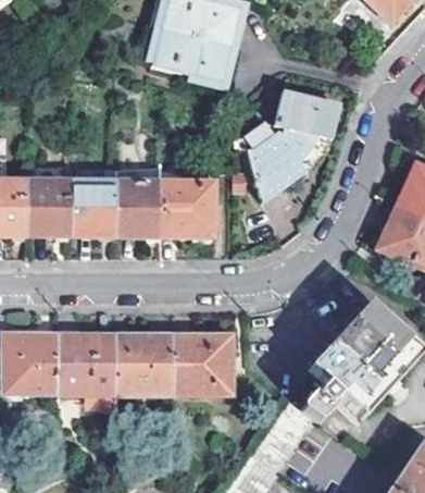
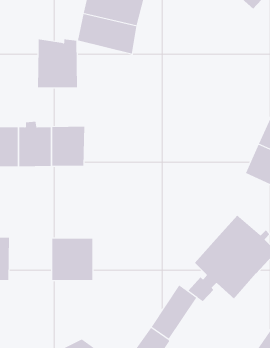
building: [249,91,337,206] -> none
building: [159,171,214,237] -> [37,39,78,88]
building: [57,334,114,393] -> none
building: [171,335,232,394] -> none

